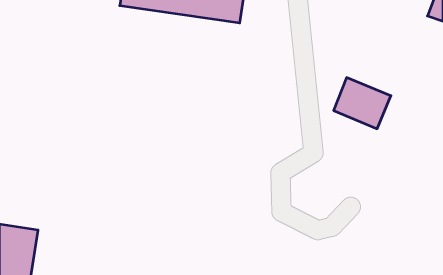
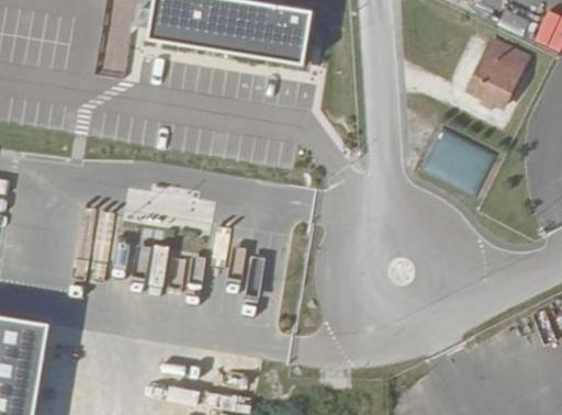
building: none -> [463,43,530,114]

